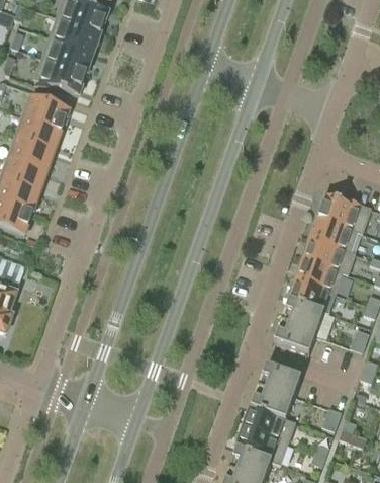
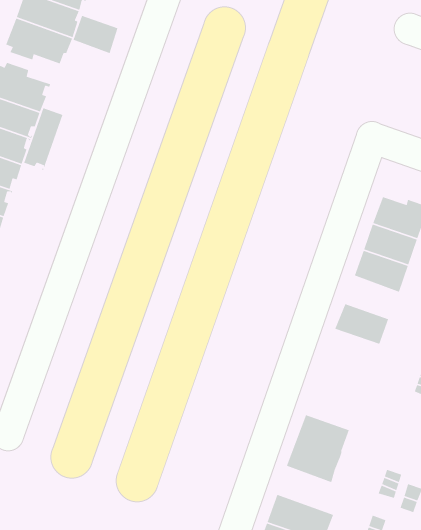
building: none -> [72,15,118,54]
building: none -> [23,107,64,170]
building: [297,258,340,292] -> none
building: [275,300,324,354] -> none
building: [245,406,296,444] -> none

